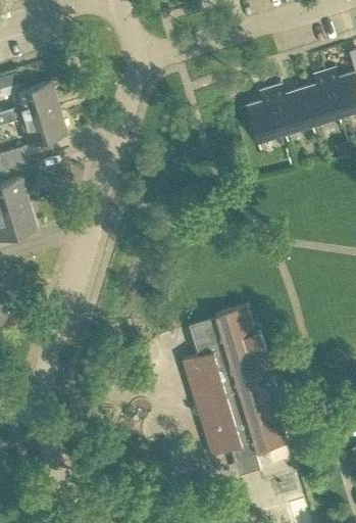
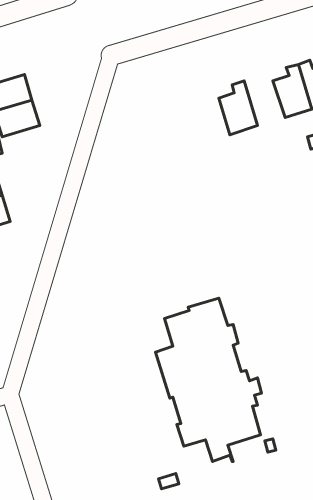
building: [270,86,311,134] -> none

